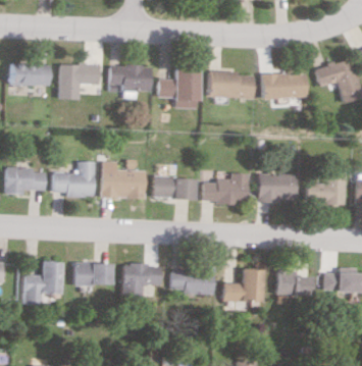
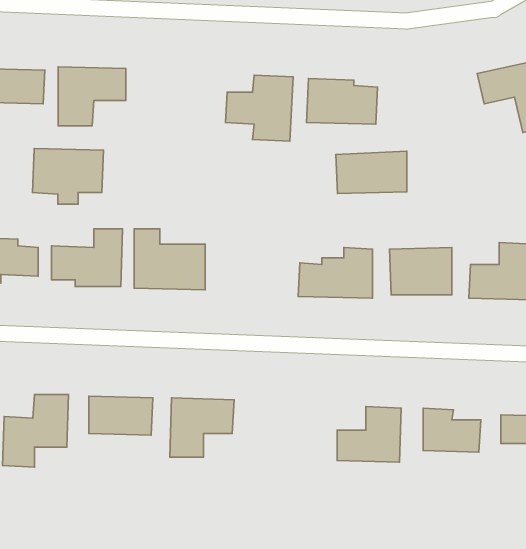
building: [109,65,152,99] -> [33,148,104,204]
building: [259,73,302,99] -> [336,151,407,194]
building: [155,177,196,200] -> none
building: [173,269,216,295] -> none

